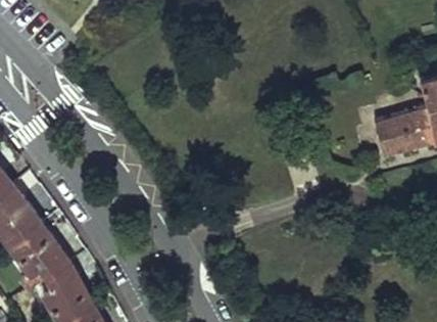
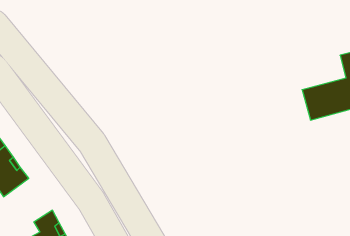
building: [12,225,71,286] -> none

